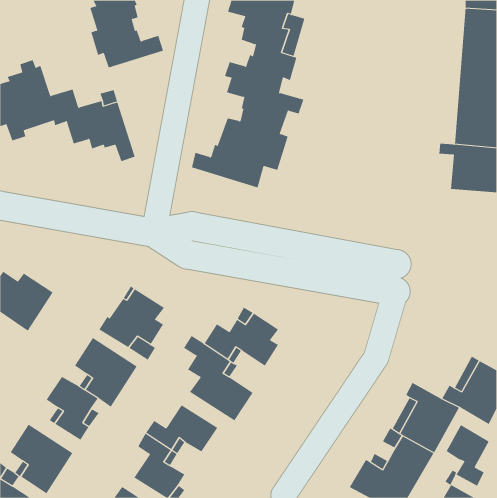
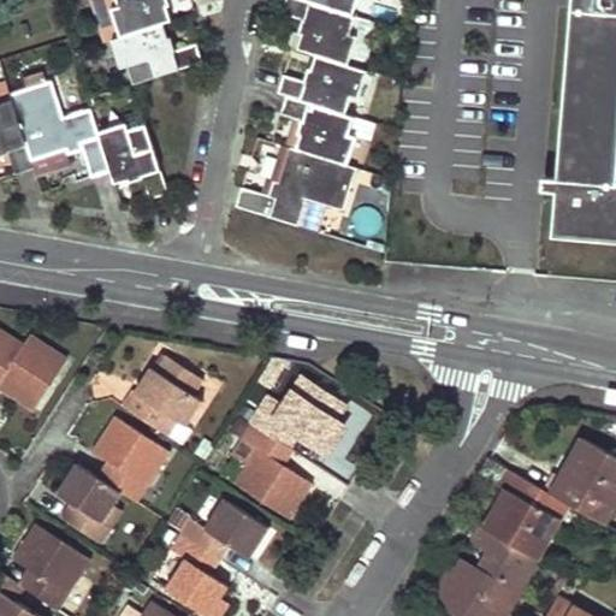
building: [446,424,489,487] -> none

